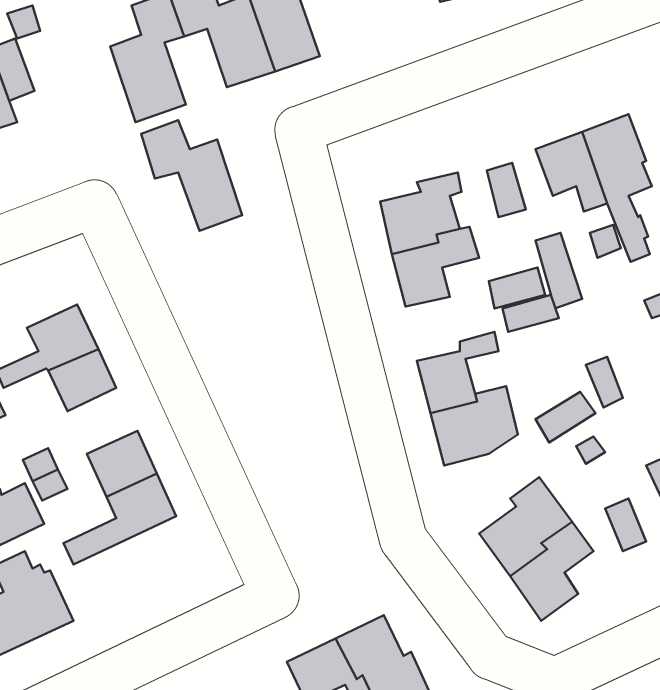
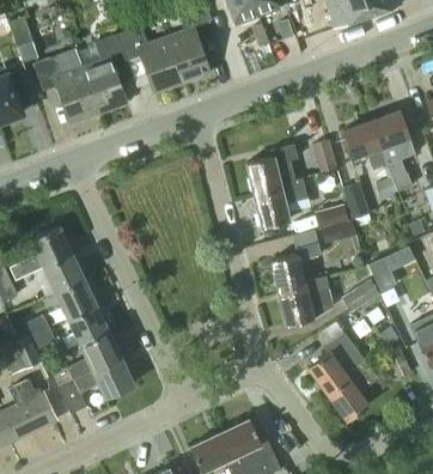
building: [141,120,242,231] -> [35,55,97,123]
building: none -> [55,278,98,318]
building: none -> [59,357,135,413]

